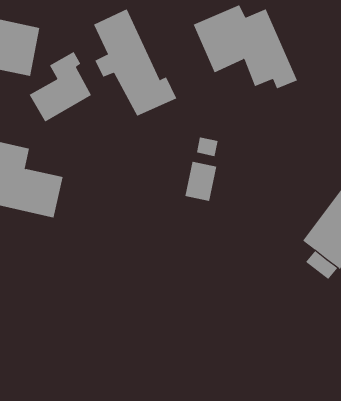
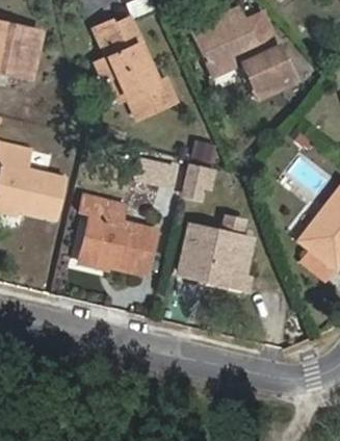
building: [29,51,92,122] -> none
building: none -> [80,197,156,276]
building: none -> [178,215,251,288]

